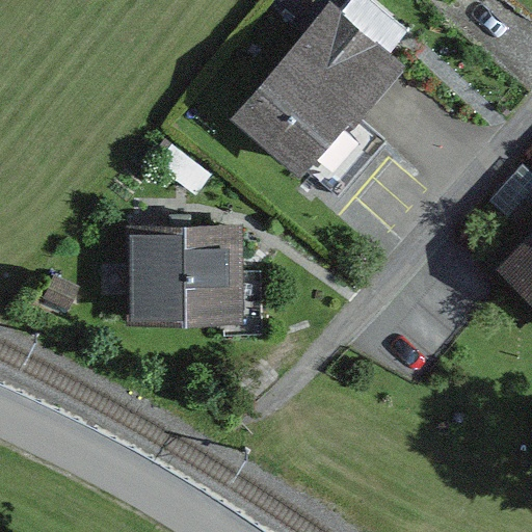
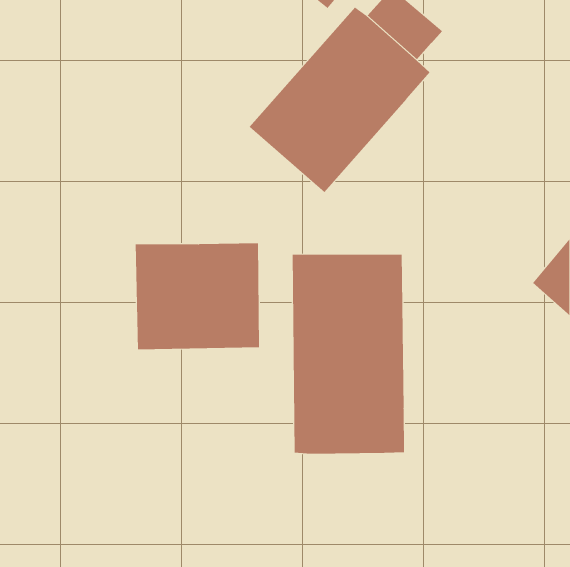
building: none -> [292,254,404,455]

